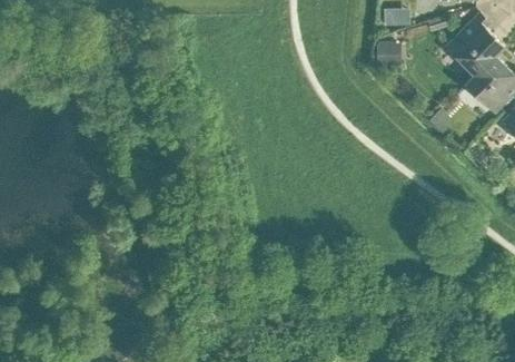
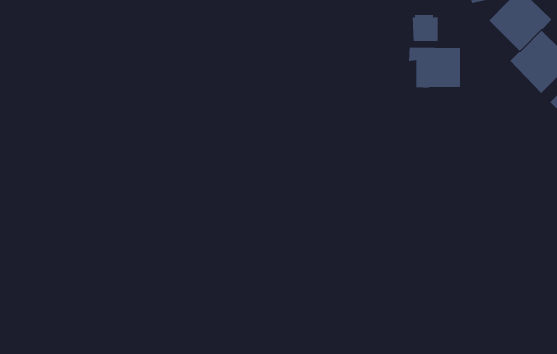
building: none -> [408,47,460,88]

